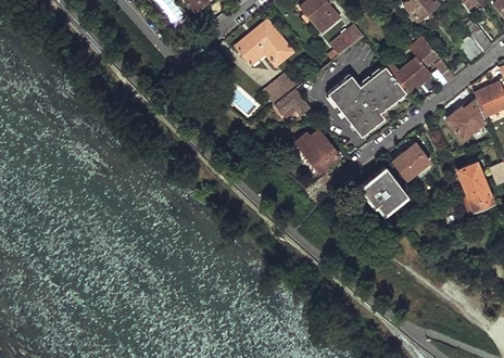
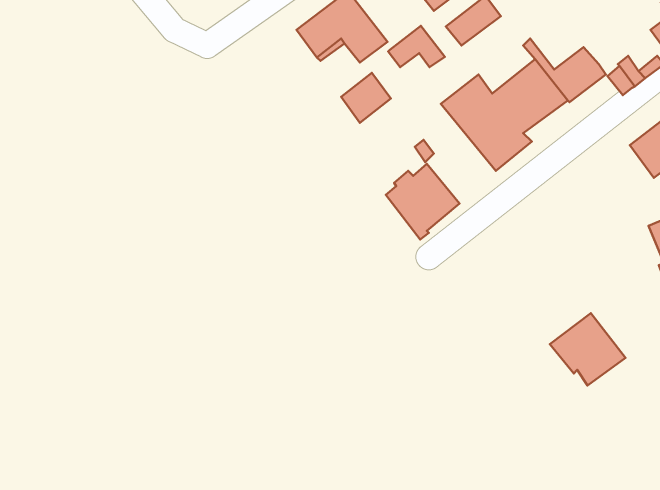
building: [411,37,441,67] -> none
building: [275,89,311,115] -> [388,26,445,67]
building: [393,144,430,180] -> none
building: [360,167,407,213] -> [550,313,625,385]

